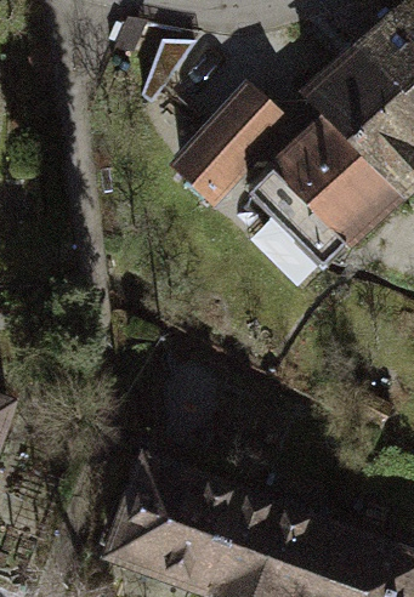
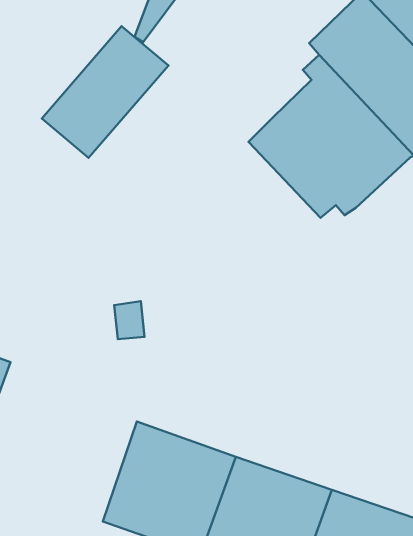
building: [171,79,293,205] -> [42,26,168,158]

